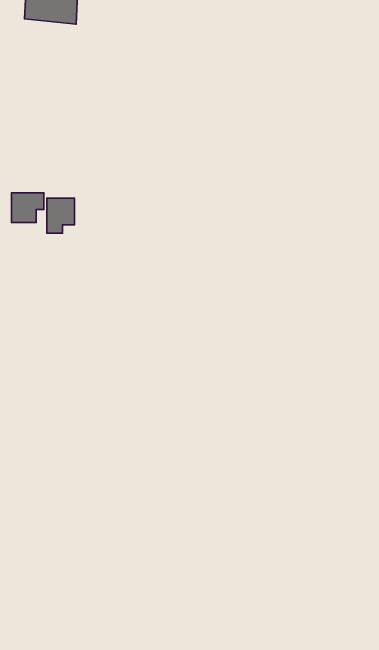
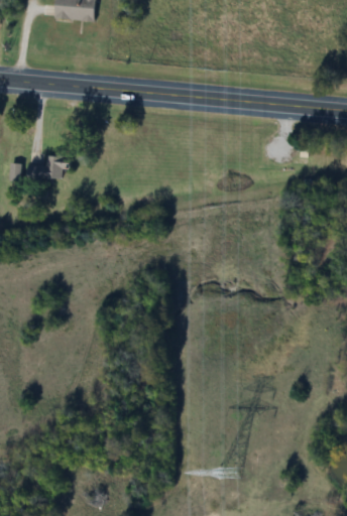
building: [47,198,74,233] -> none

